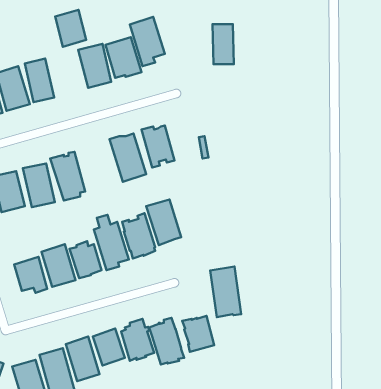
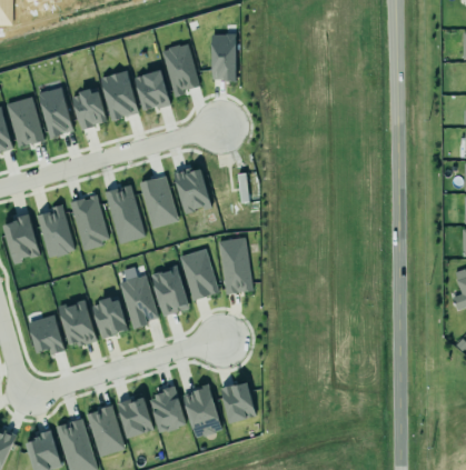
building: [55,10,86,47] -> [71,87,107,129]
building: [212,24,234,64] -> [211,33,236,79]
building: none -> [103,183,143,242]
building: [210,267,241,317] -> [217,236,252,293]

